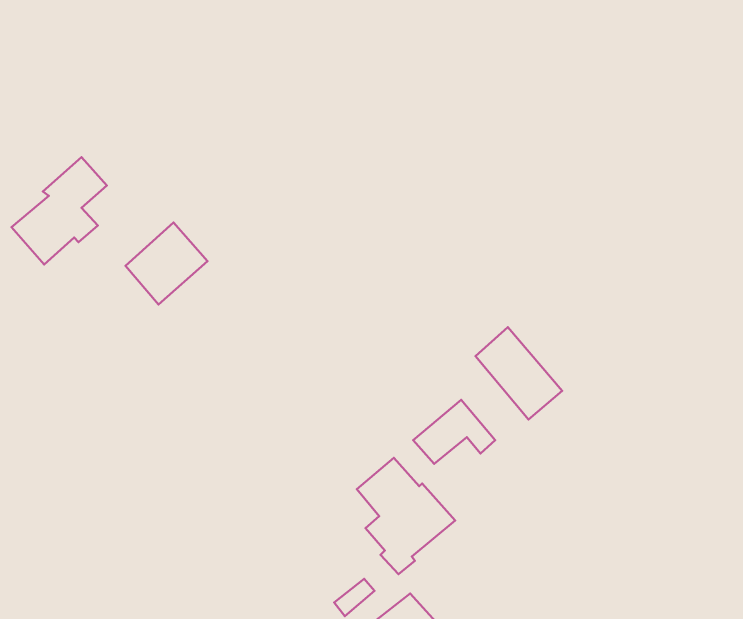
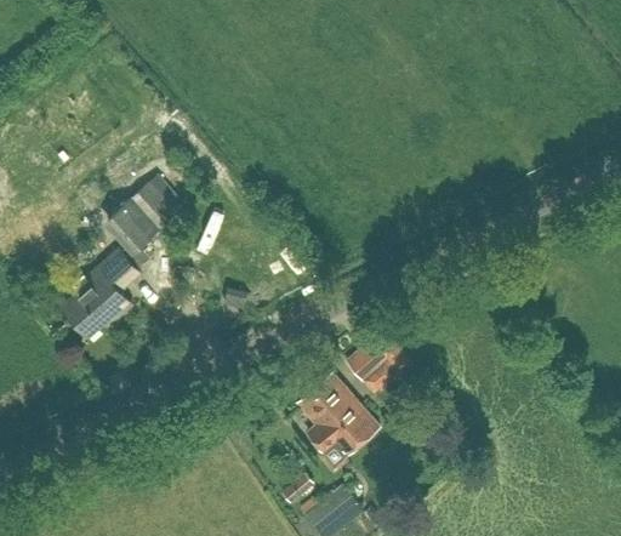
building: [12,157,107,264] -> [61,250,138,337]
building: [476,327,562,419] -> none

